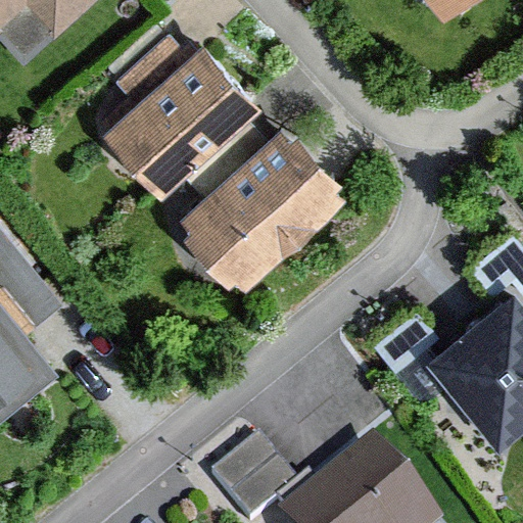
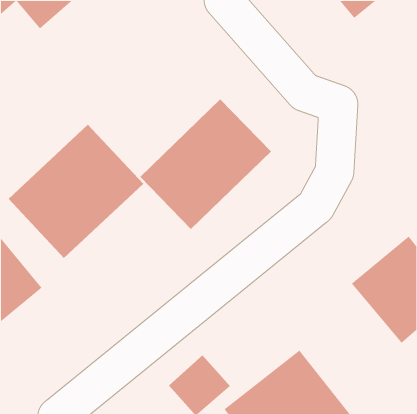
building: [98,40,258,201] -> none
building: none -> [8,124,144,259]

